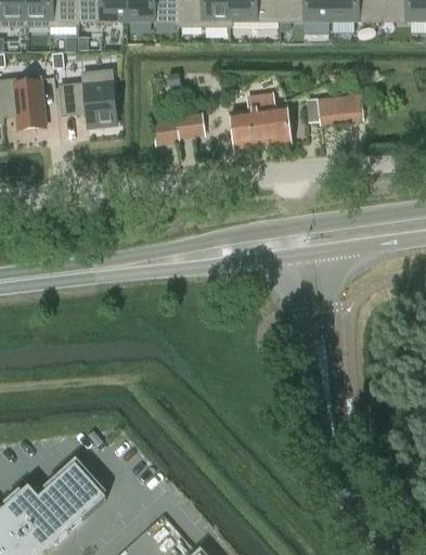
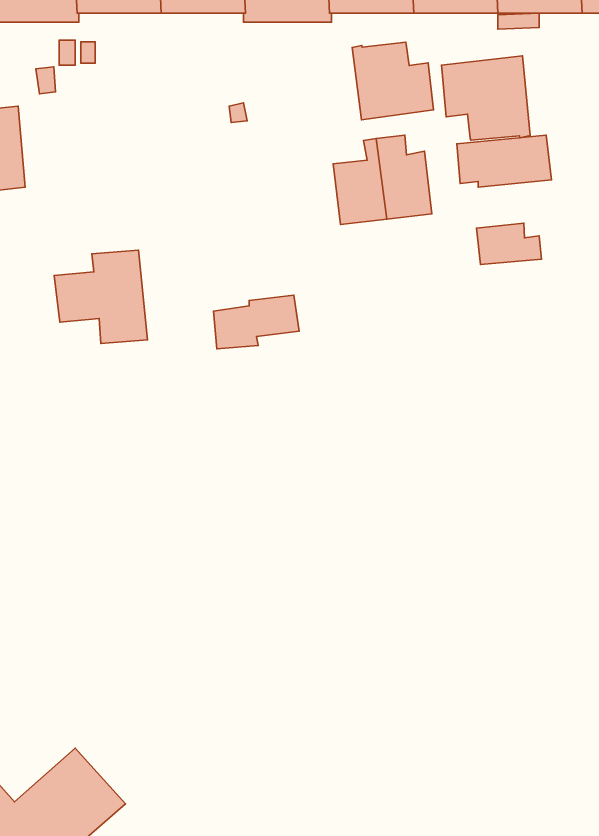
building: none -> [352,42,434,120]
building: none -> [442,56,530,140]
building: [60,70,116,127] -> [54,250,147,344]
building: [152,113,204,145] -> [213,295,299,349]
building: none -> [477,223,541,265]

